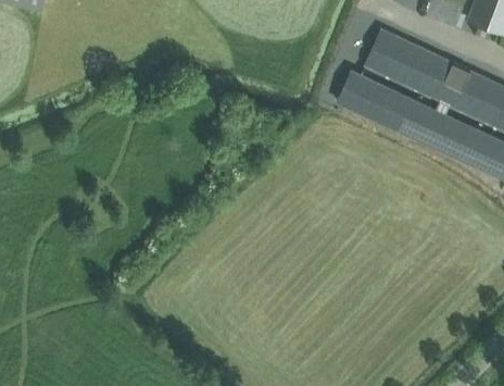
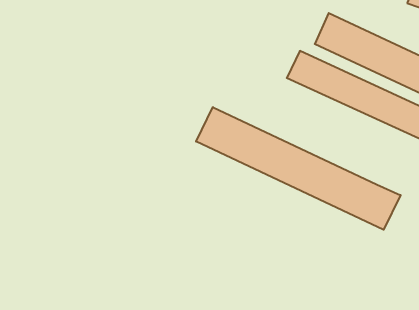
building: none -> [196,107,401,230]

